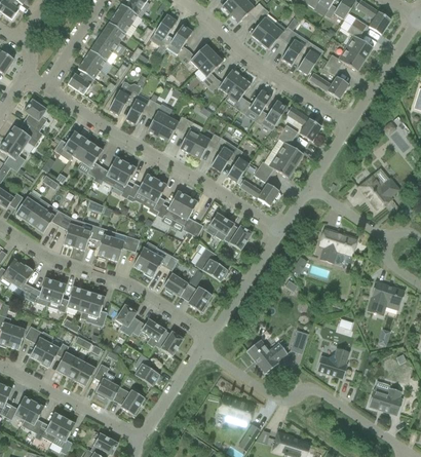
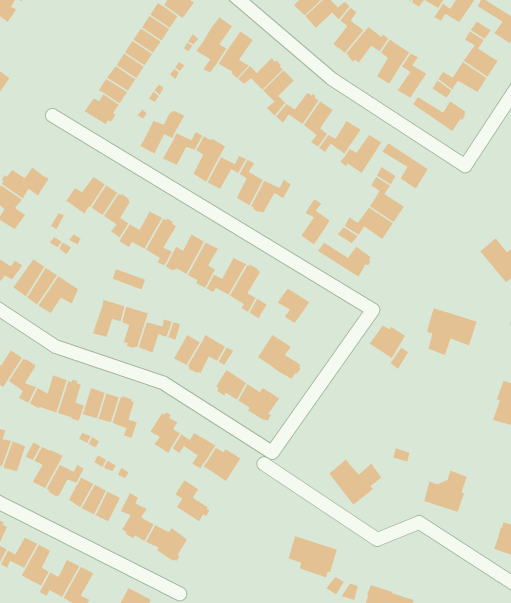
building: [23,100,46,131] -> none
building: [210,138,236,173] -> none
building: [59,215,81,247] -> none
building: [223,225,251,251] -> [368,324,406,359]

